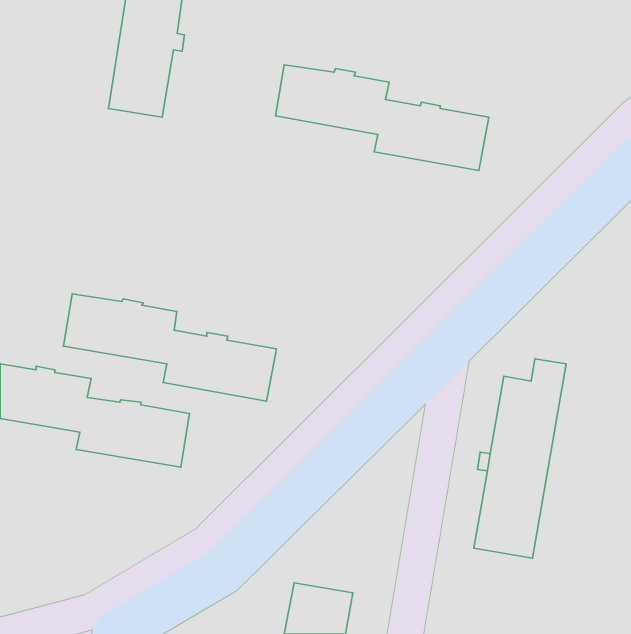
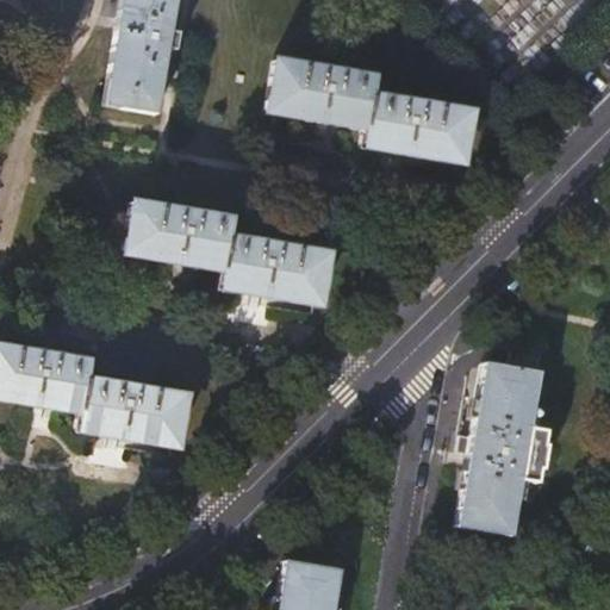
building: [63,294,277,401] -> [126,204,330,306]

